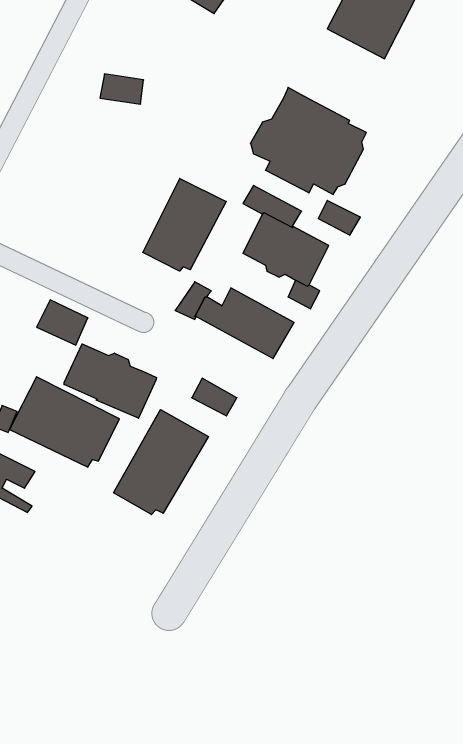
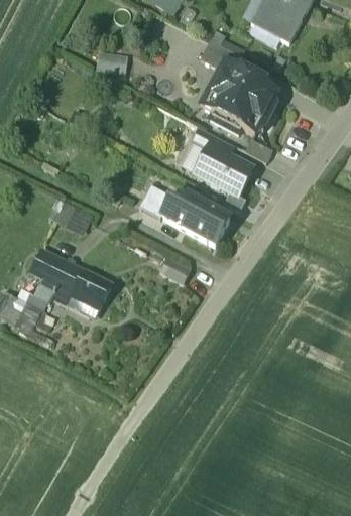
building: none -> [201,39,242,69]
building: [143,178,226,271] -> none
building: [64,344,156,418] -> none
building: [114,410,209,515] -> none

